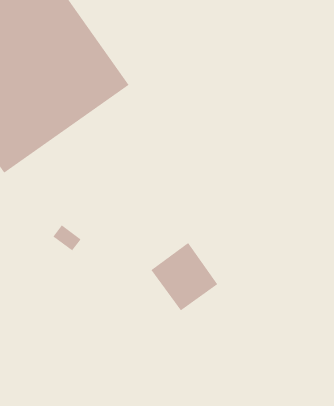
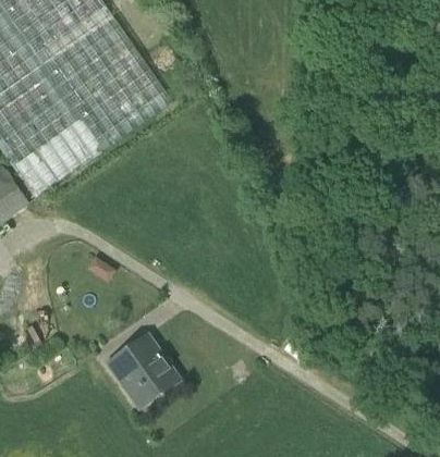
building: [150,242,218,311] -> [105,332,179,407]

